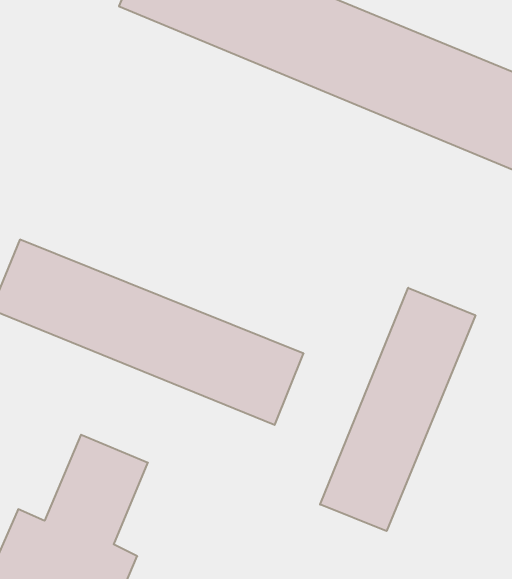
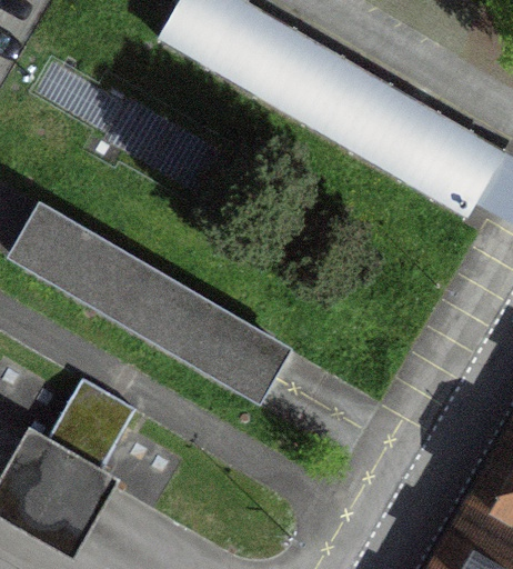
building: [320,288,475,531] -> none

